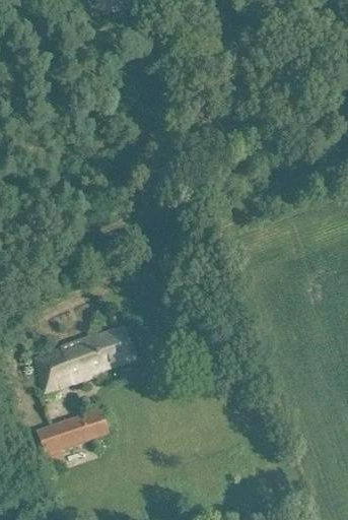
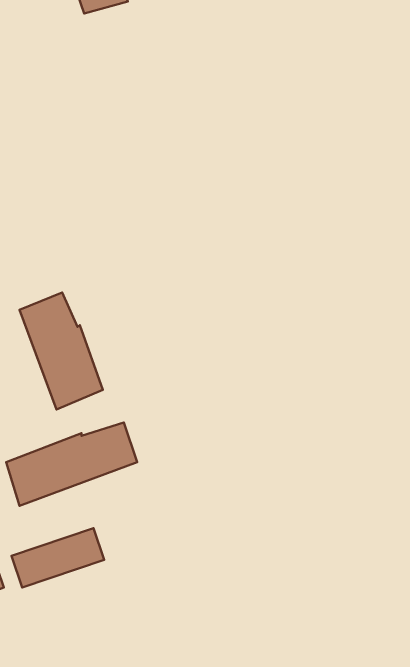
building: none -> [19,293,103,409]

